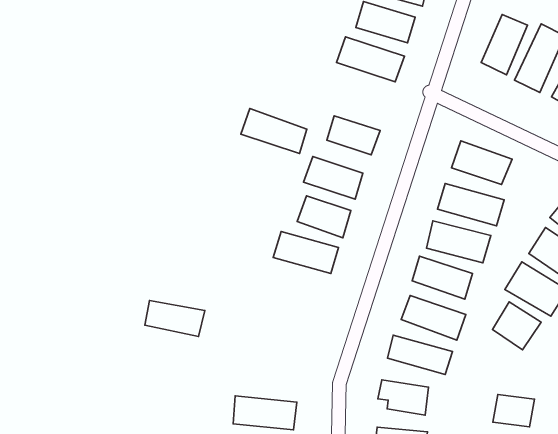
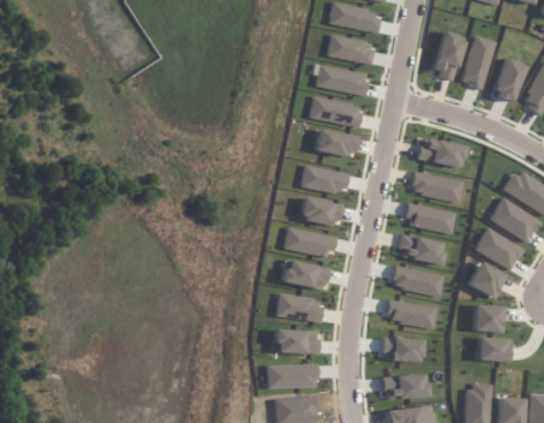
building: [241,109,307,154] -> [309,96,361,127]
building: none -> [281,260,329,290]
building: [145,300,205,336] -> [276,297,323,321]
building: none -> [472,304,503,333]
building: none -> [274,329,317,355]

